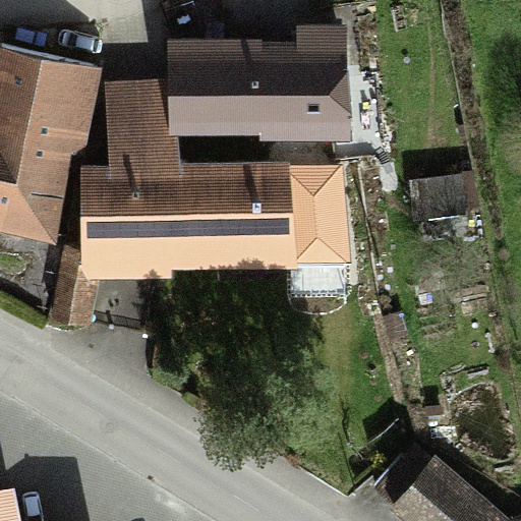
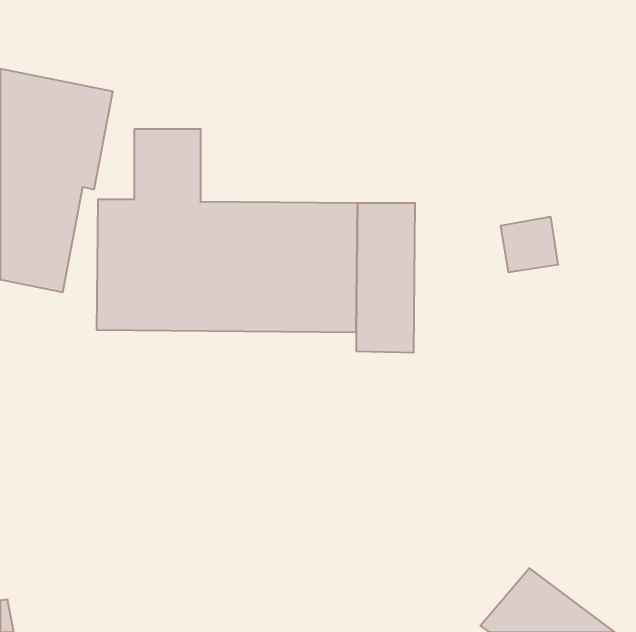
building: [167,42,344,131] -> none

